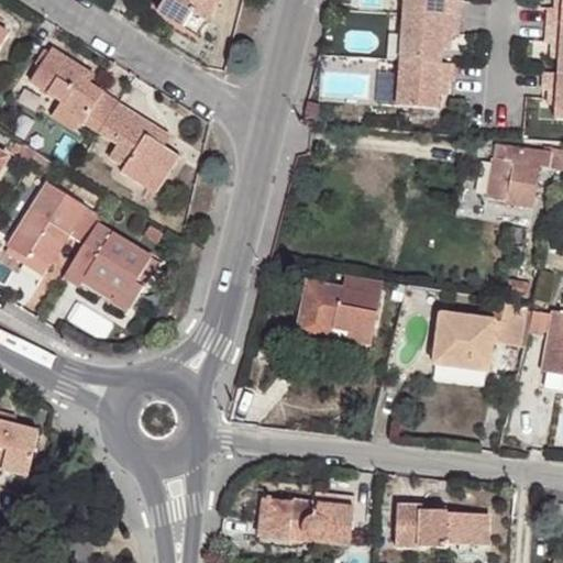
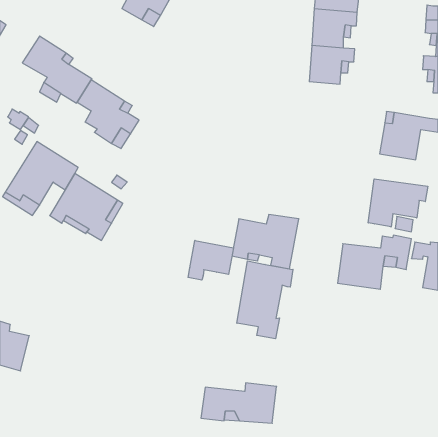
building: none -> [368,179,428,227]
building: none -> [188,240,233,280]
building: none -> [237,261,293,339]
building: [394,504,486,547] -> none

